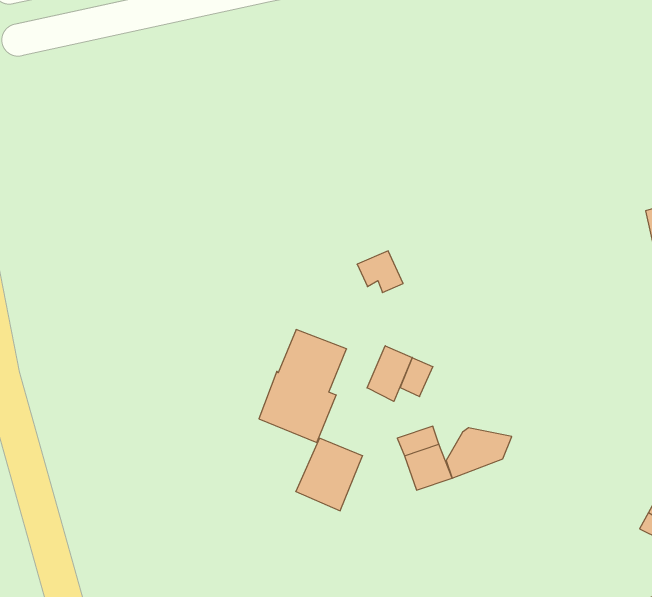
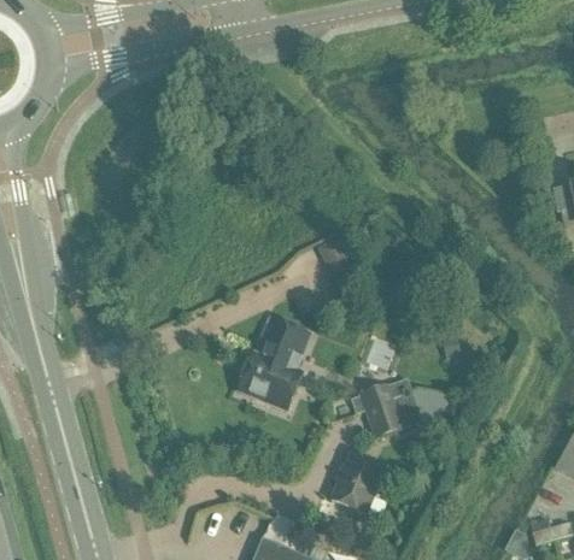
building: [367,346,412,401] -> none
building: [296,438,363,511] -> [328,456,382,515]

